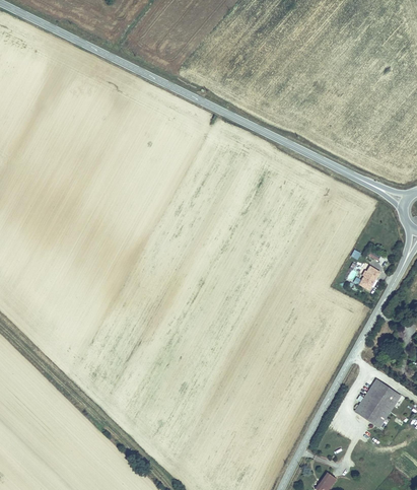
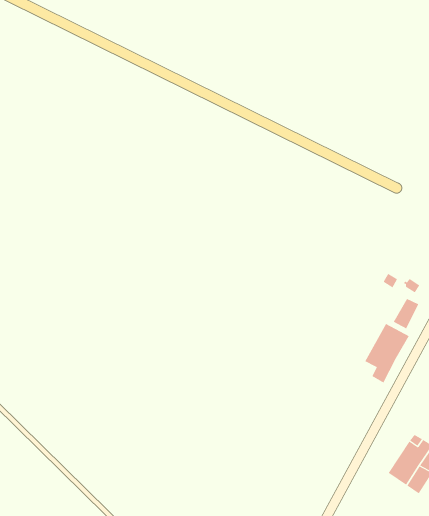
building: none -> [365,323,410,383]

